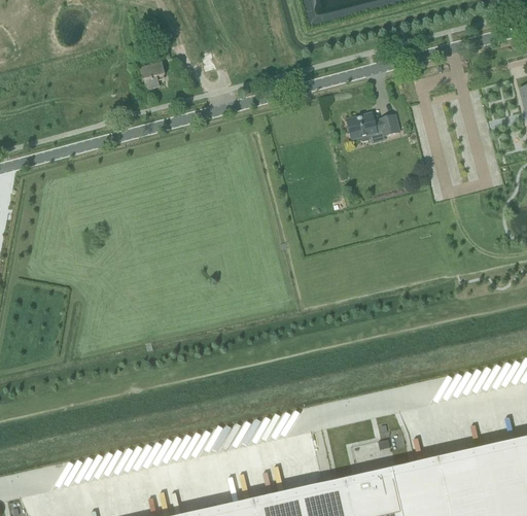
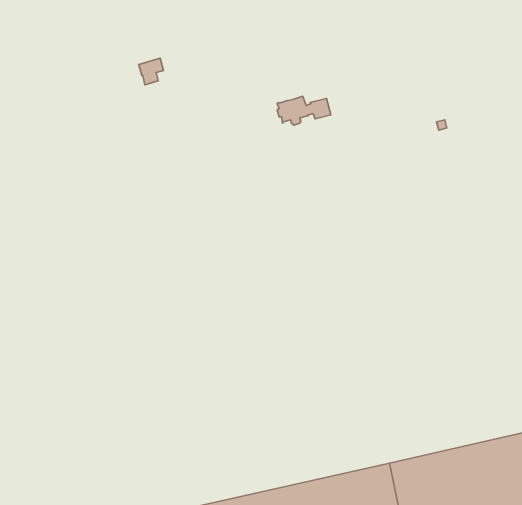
building: [346,114,399,143] -> [277,96,331,125]

